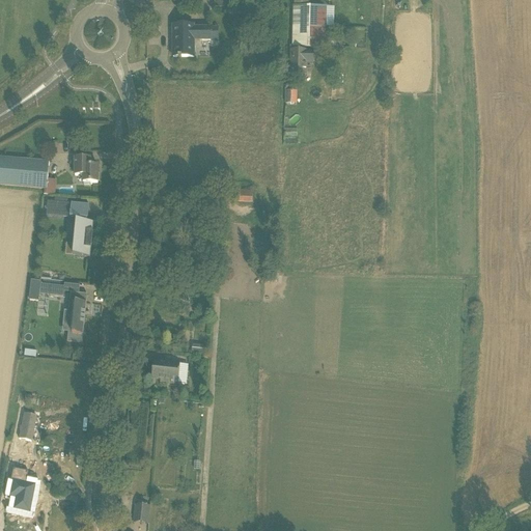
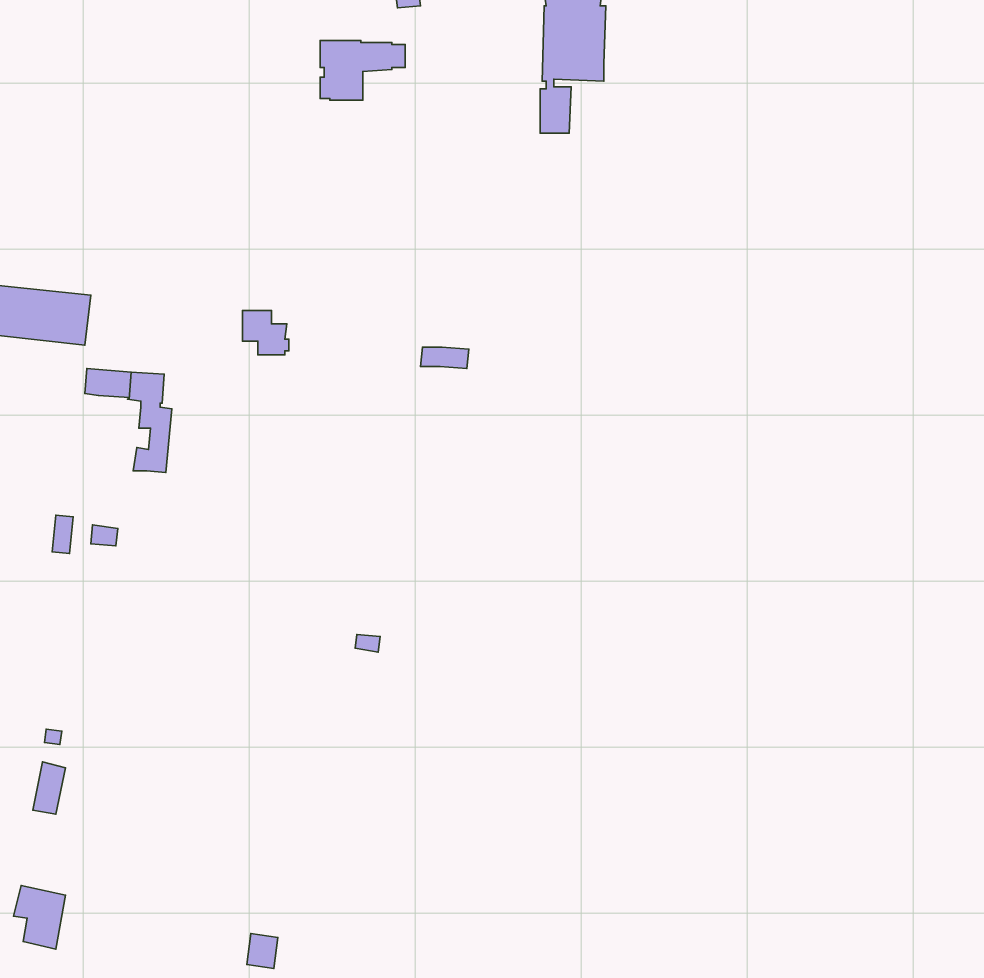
building: [74,156,99,179] -> [242,310,289,355]
building: [66,289,86,340] -> none
building: [151,358,179,380] -> none

